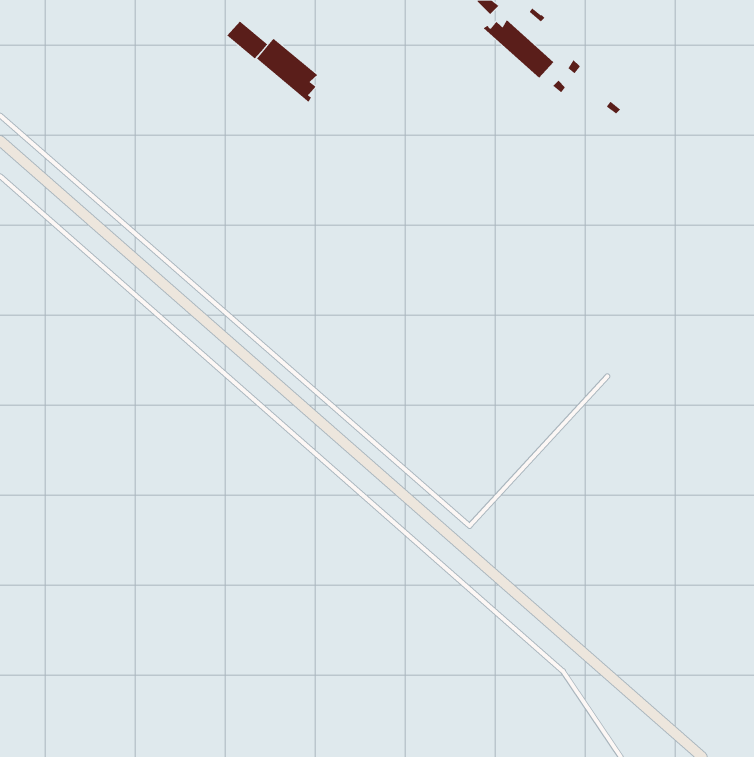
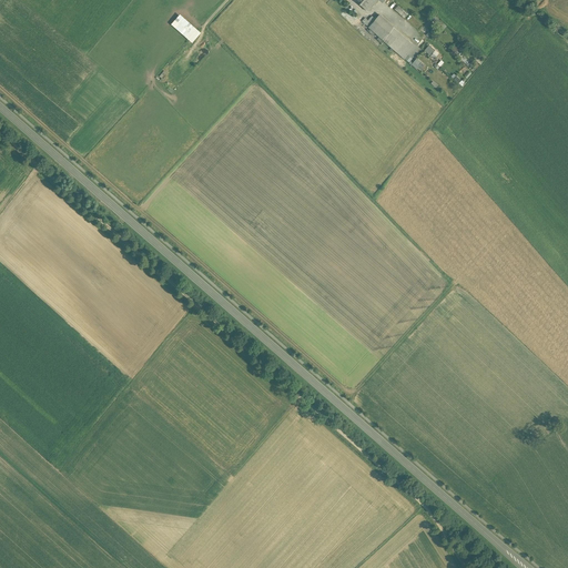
building: [256,38,318,103] -> none

